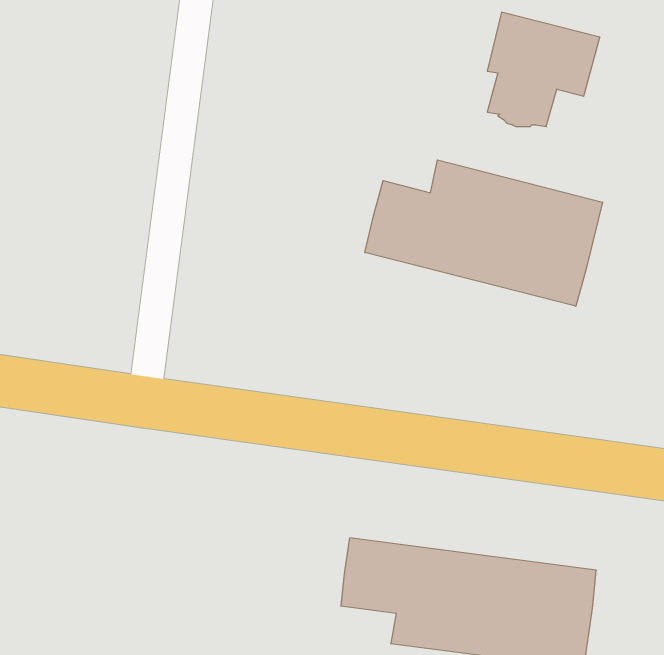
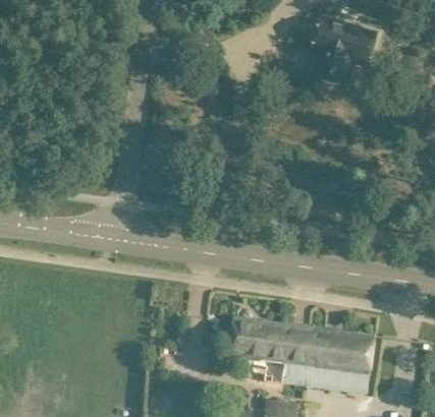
building: [365,160,602,306] -> none

